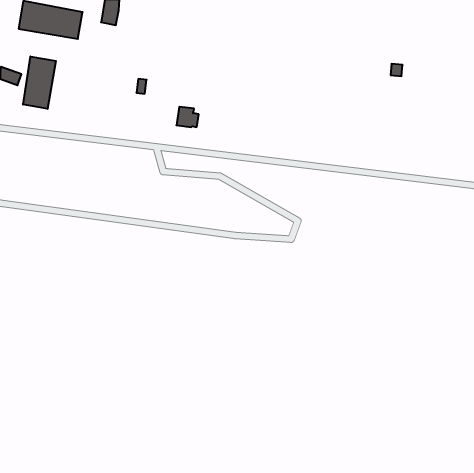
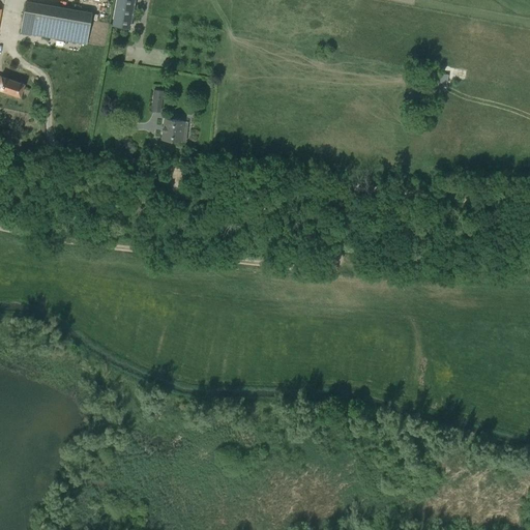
building: [23,56,56,109] -> none
building: [176,107,199,127] -> [163,118,187,141]

